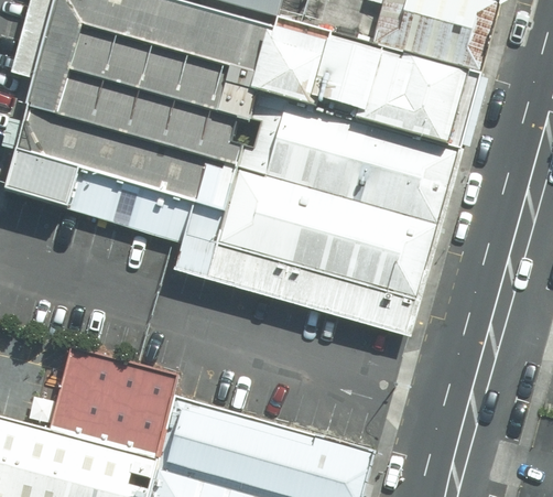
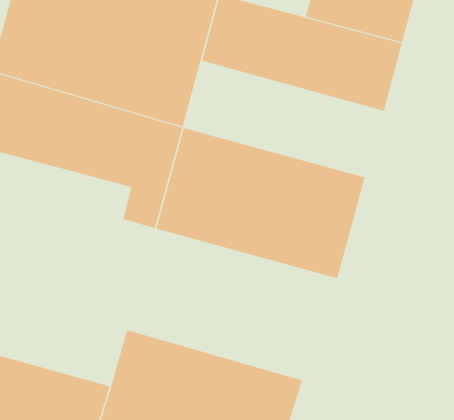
building: [236,96,458,225] -> none
building: [45,344,178,456] -> none

